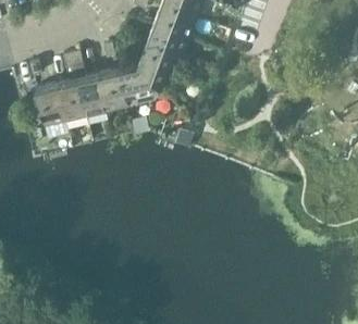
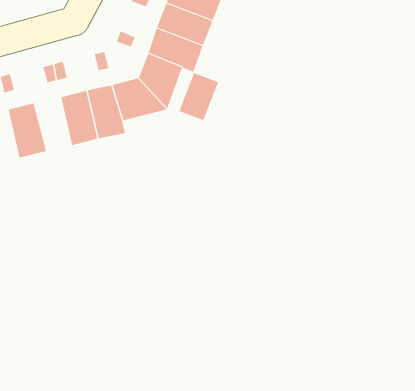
building: none -> [178,72,219,121]
building: [58,79,87,122] -> none

